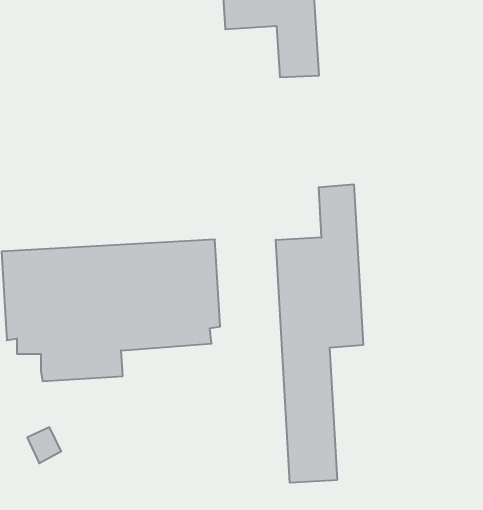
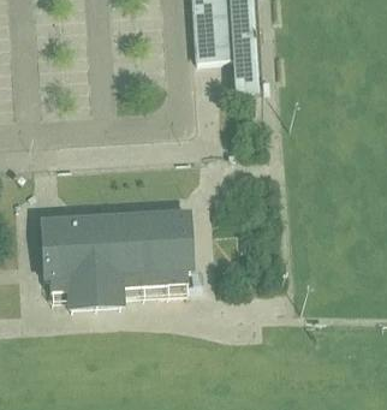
building: [276,184,363,483] -> none

